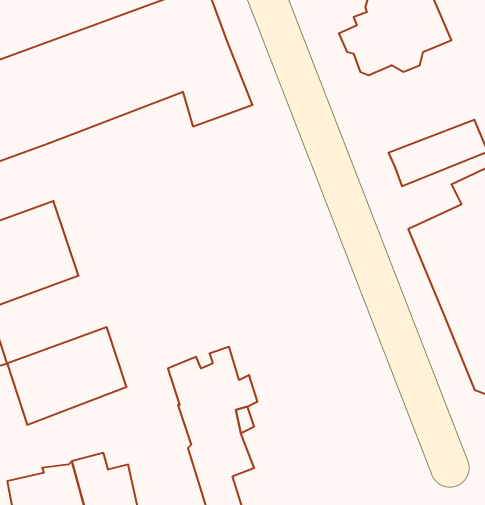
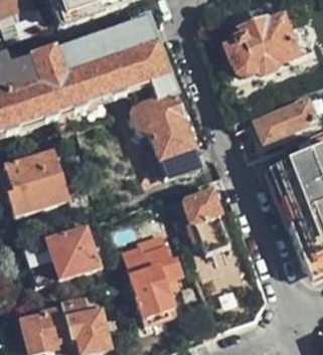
building: none -> [130,91,198,173]
building: none -> [181,187,227,250]

